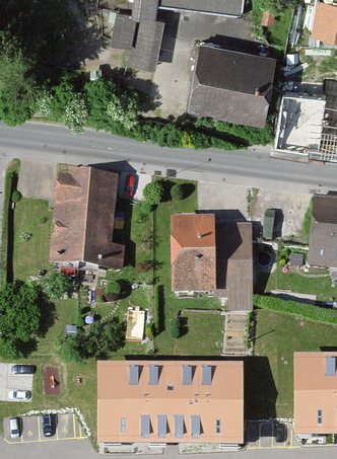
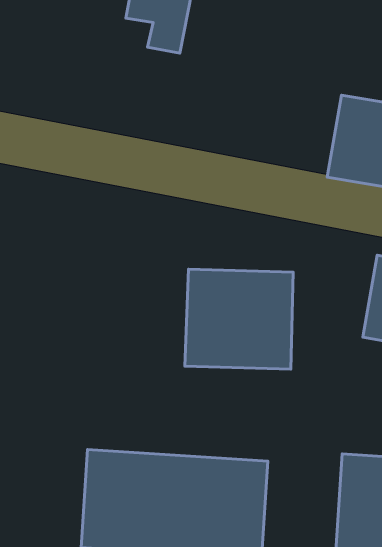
building: [185,41,272,119] -> none
building: [48,169,126,275] -> none

